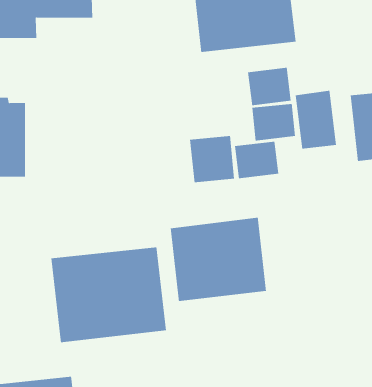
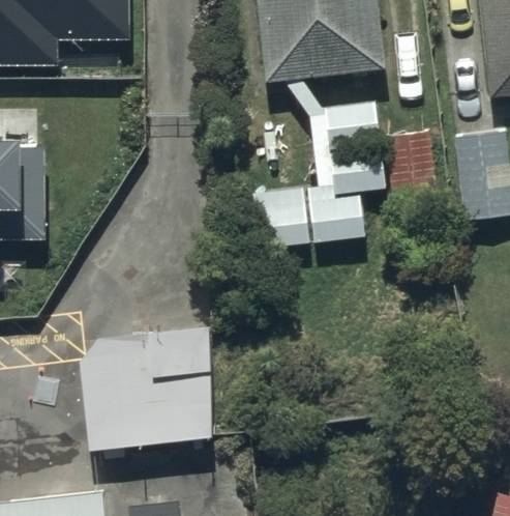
building: [170,217,267,302] -> none

